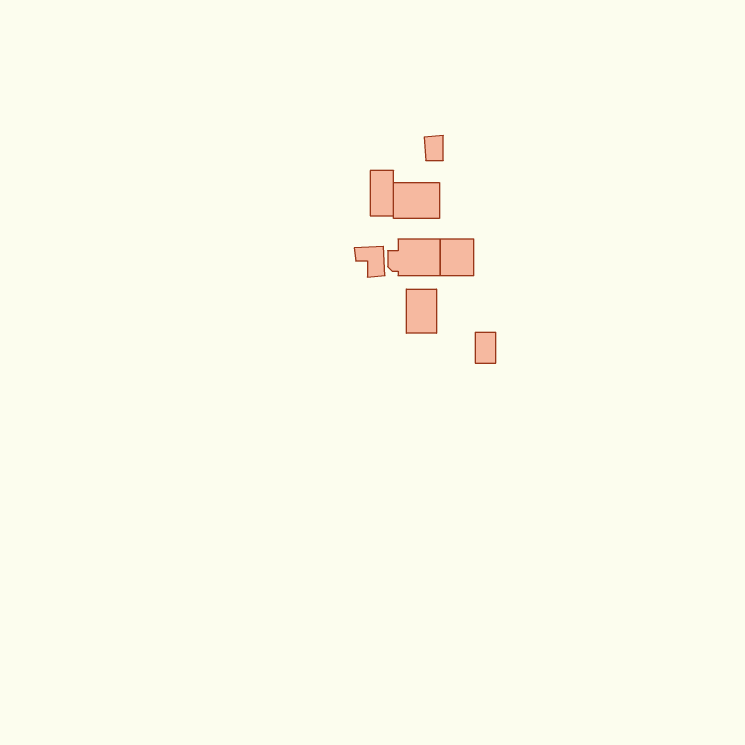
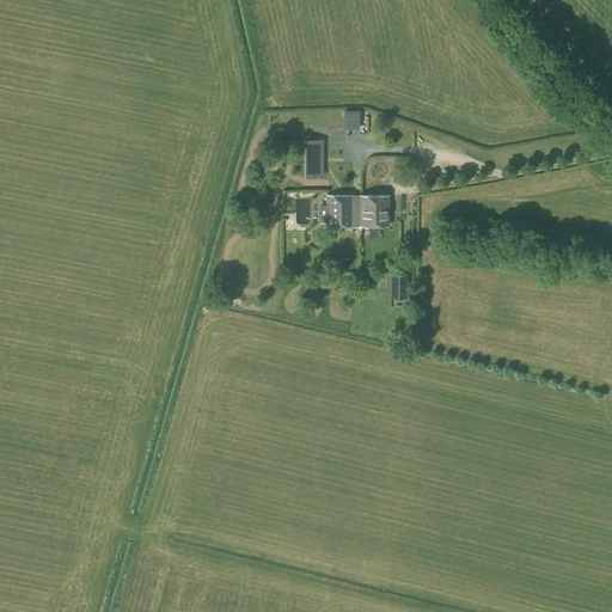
building: [394,183,439,218] -> none
building: [406,289,436,333] -> none

